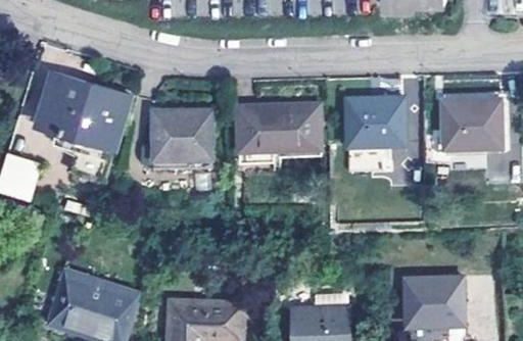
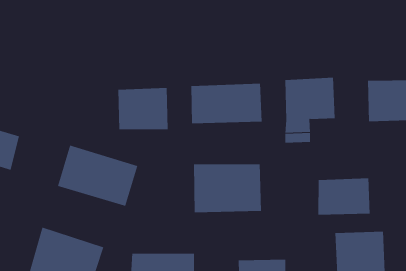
building: [35,76,129,147] -> [57,145,138,206]
building: none -> [194,163,262,213]
building: none -> [318,177,370,216]

